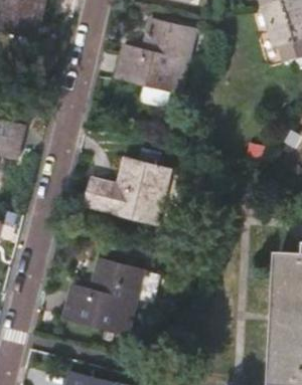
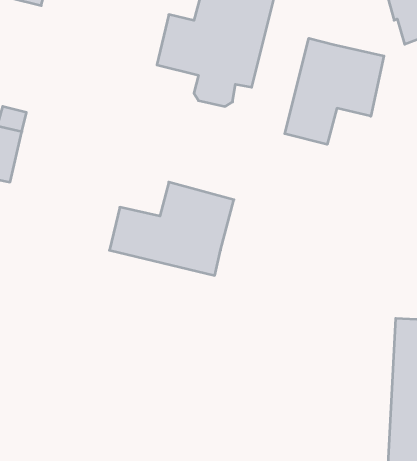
building: none -> [285,38,384,144]
building: [61,258,144,335] -> none

